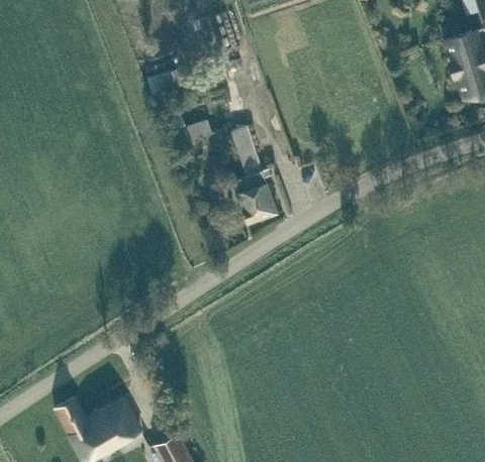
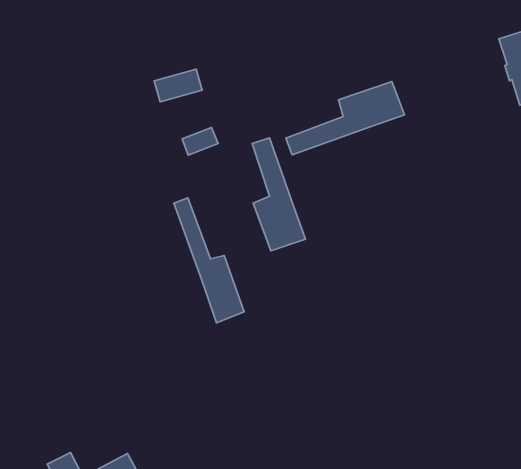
building: none -> [286,81,405,155]
building: none -> [174,198,244,323]

